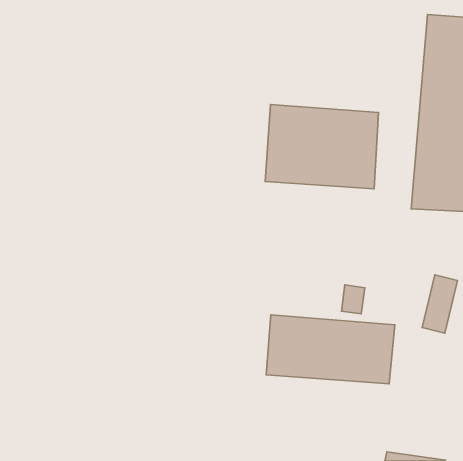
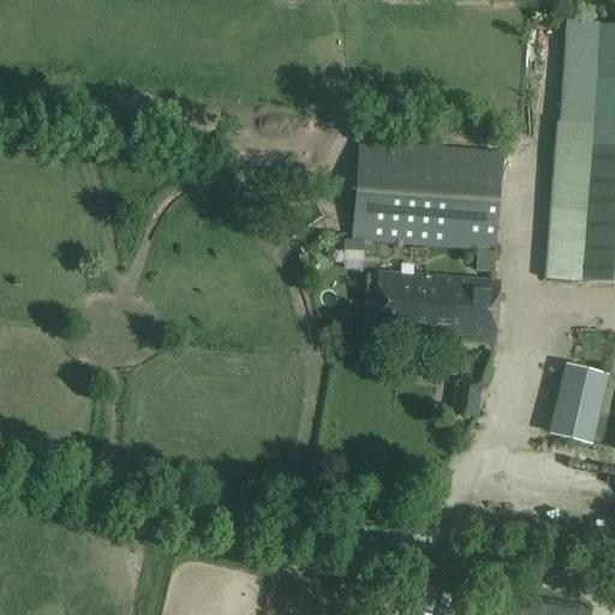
building: none -> [376,273,497,342]
building: [266,315,395,384] -> none

